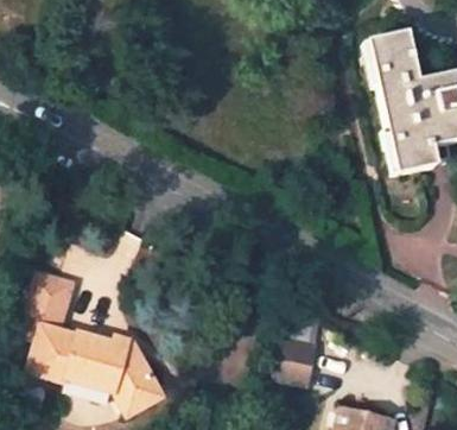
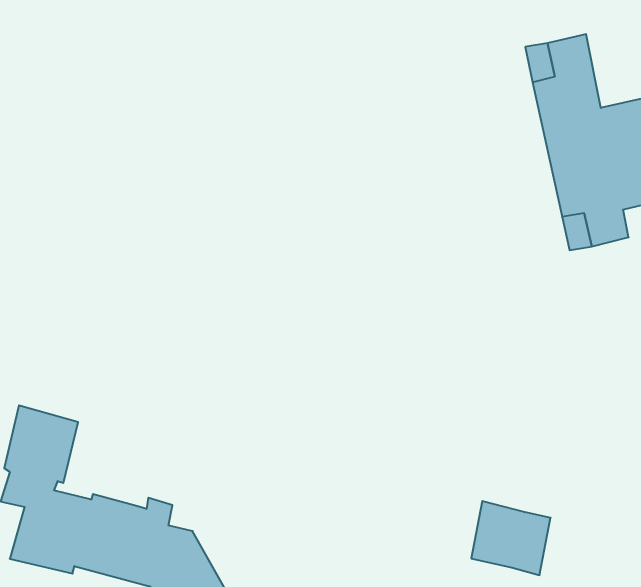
building: [273,336,324,384] -> [471,501,551,575]

